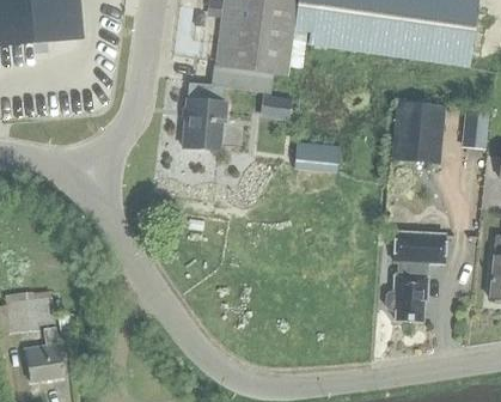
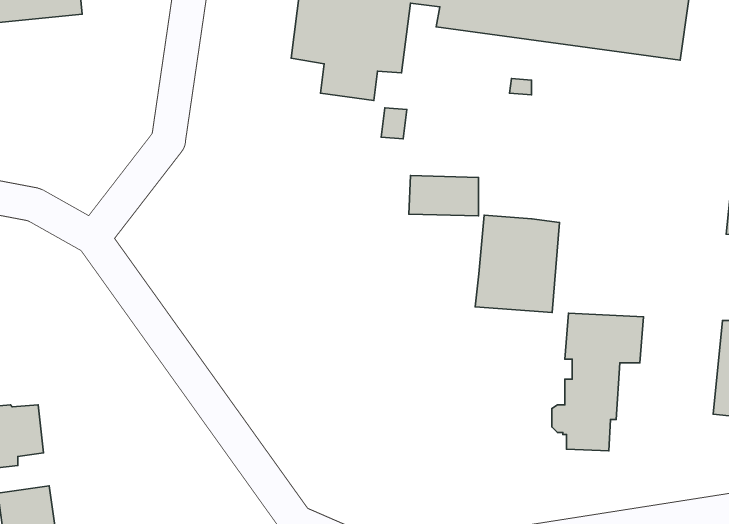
building: [183,83,226,151] -> none
building: [392,103,447,166] -> [475,215,559,312]
building: [463,110,487,147] -> none

